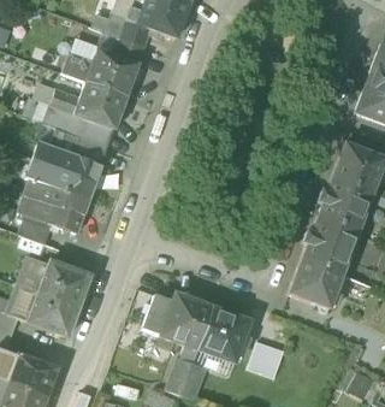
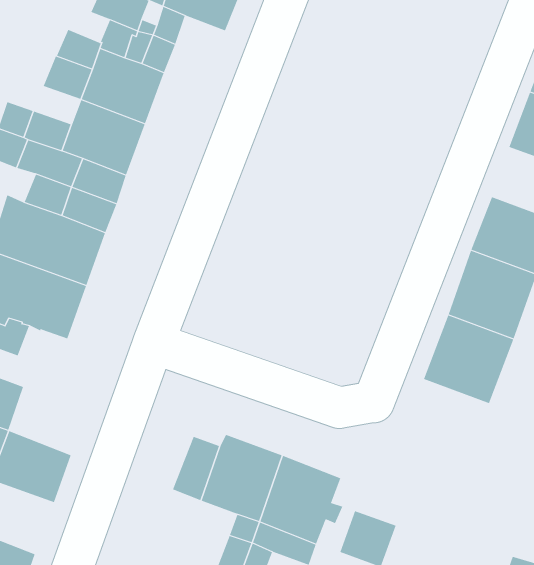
building: [289,259,343,308] -> none
building: [38,261,90,307] -> none

